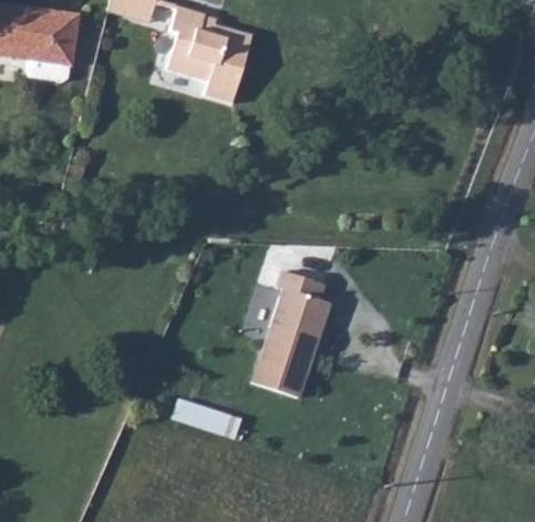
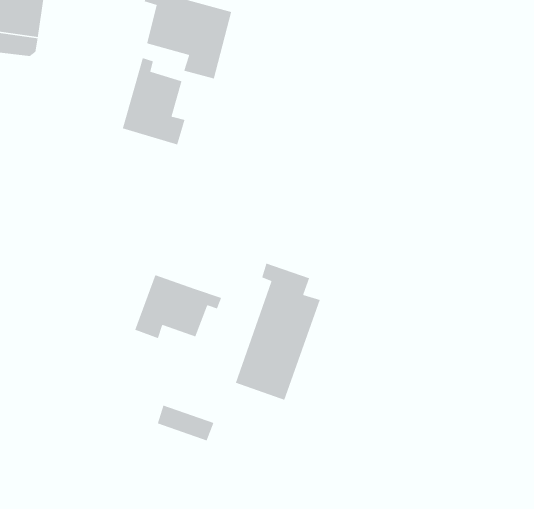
building: none -> [122,57,186,146]
building: none -> [134,274,222,339]

